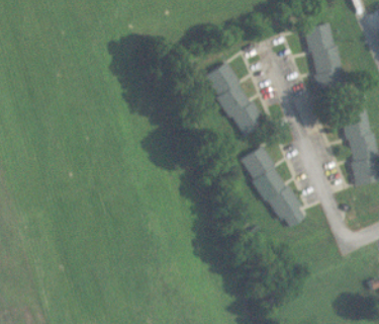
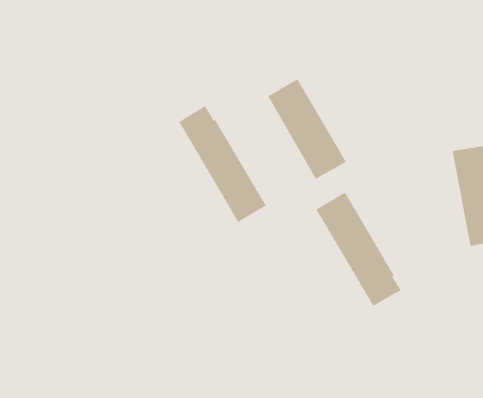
building: [305,23,343,90] -> none
building: none -> [178,105,267,223]

